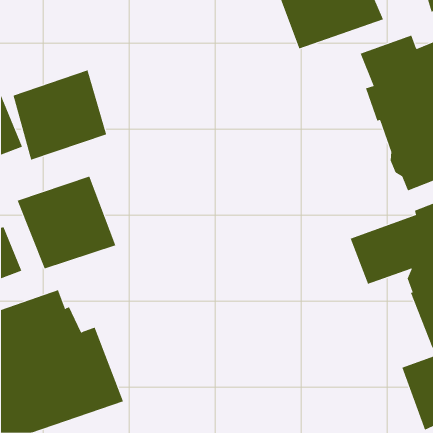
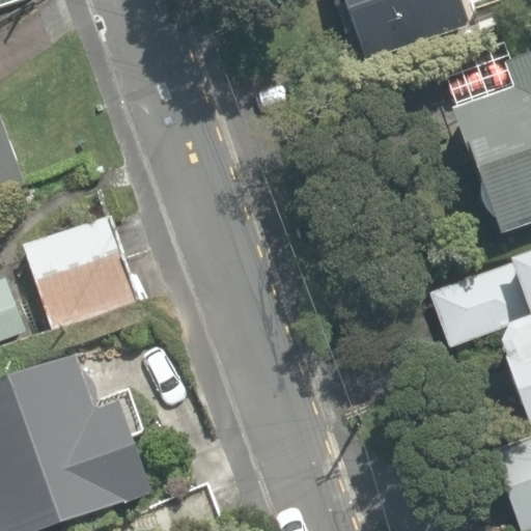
building: [13,69,107,161] -> none

